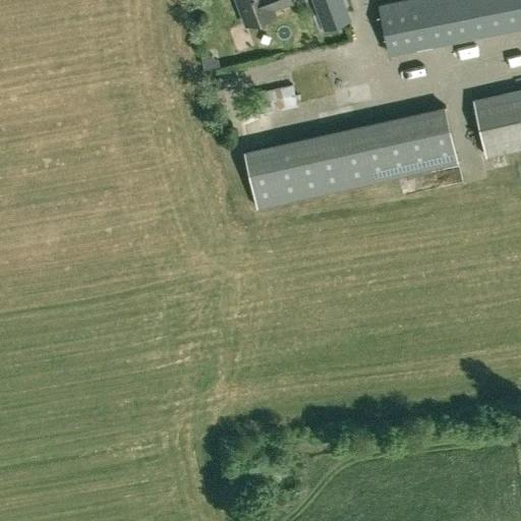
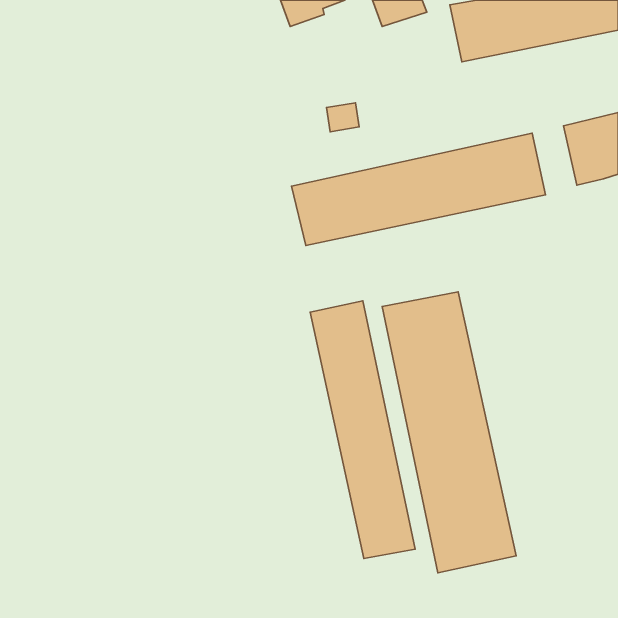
building: none -> [382,292,516,573]
building: none -> [310,301,415,558]

